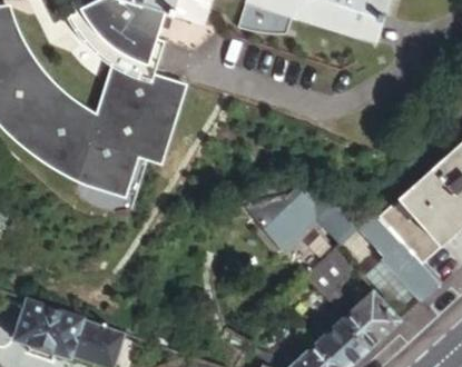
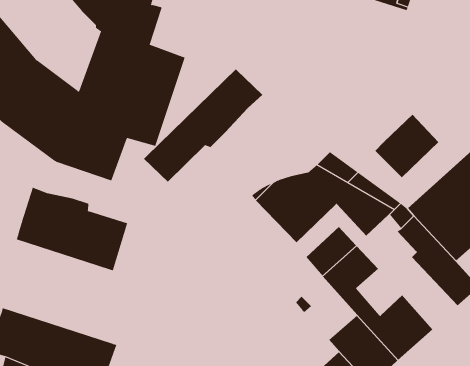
building: none -> [143,69,263,183]
building: none -> [374,114,439,178]
building: none -> [16,187,128,271]

